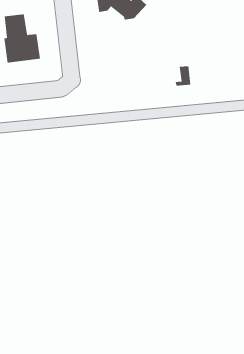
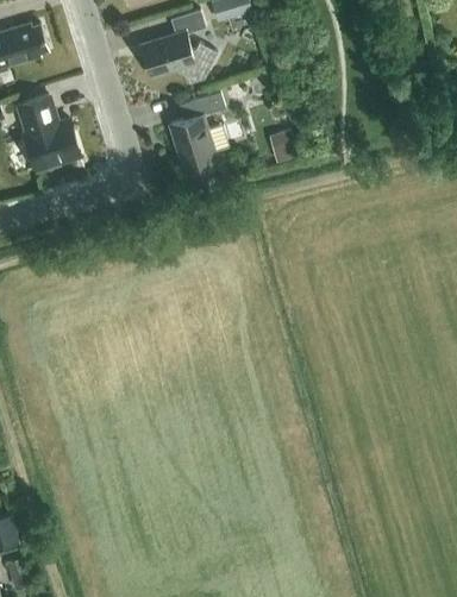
building: none -> [170,92,223,174]

